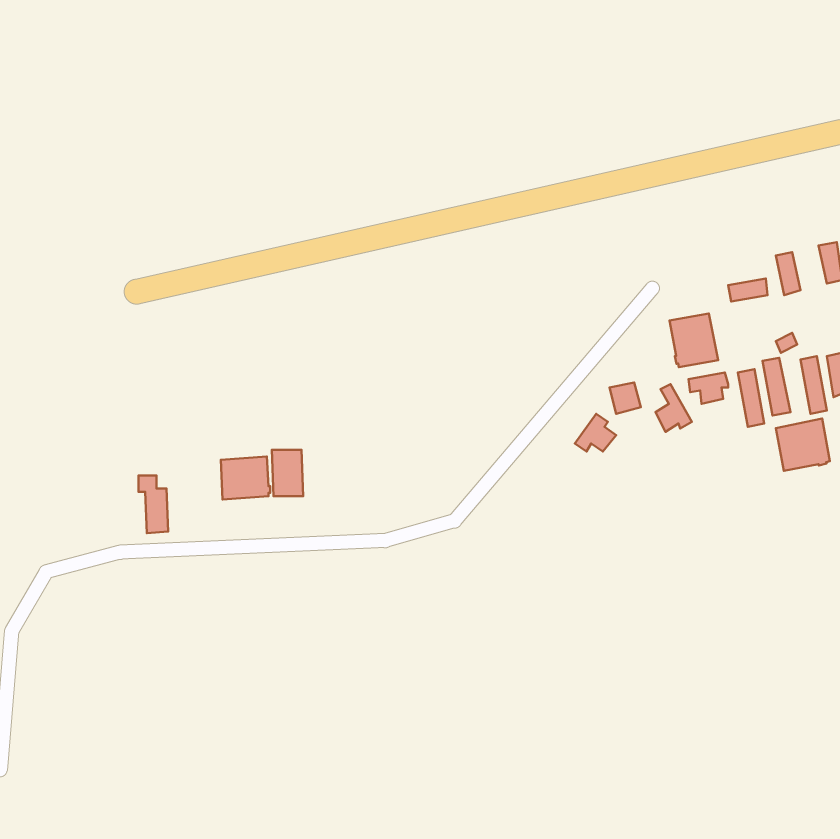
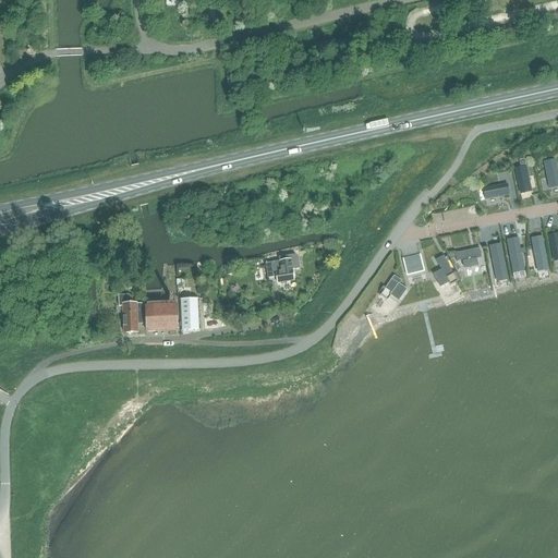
building: [669,313,718,367] -> none
building: none -> [266,253,300,281]
building: [776,418,830,471] -> none
building: [138,475,168,533] -> [120,293,140,331]

